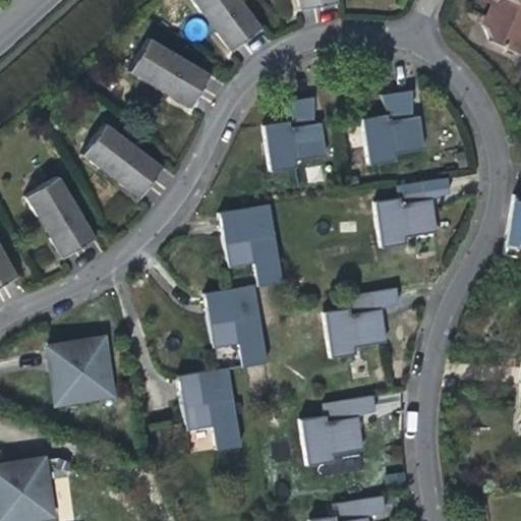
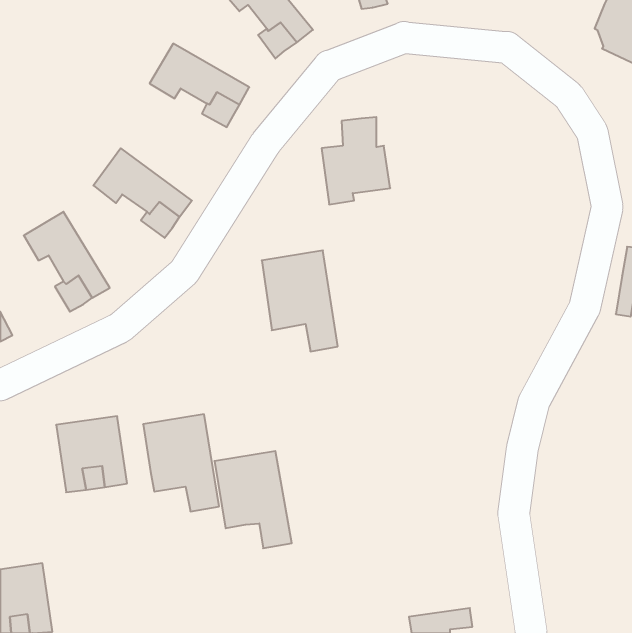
building: [367,92,424,166] -> none
building: [381,180,450,248] -> none
building: [204,287,266,366] -> [143,414,219,511]
building: [330,289,399,357] -> none
building: [306,396,377,463] -> none

